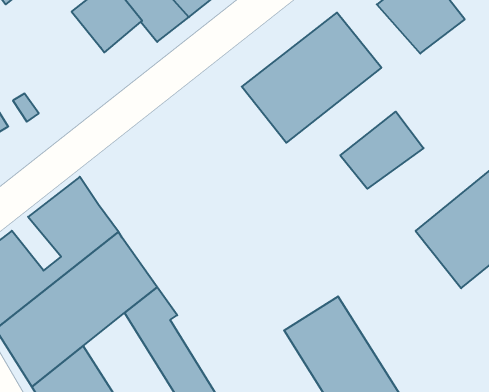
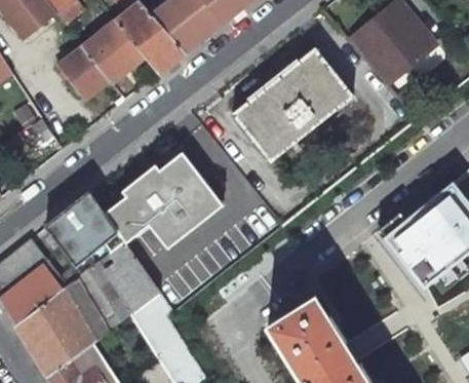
building: none -> [58,47,108,99]
building: [340,112,424,189] -> none
building: none -> [106,153,223,247]

